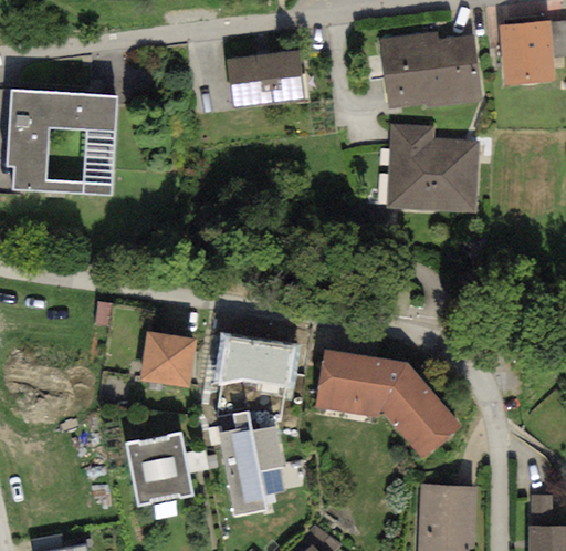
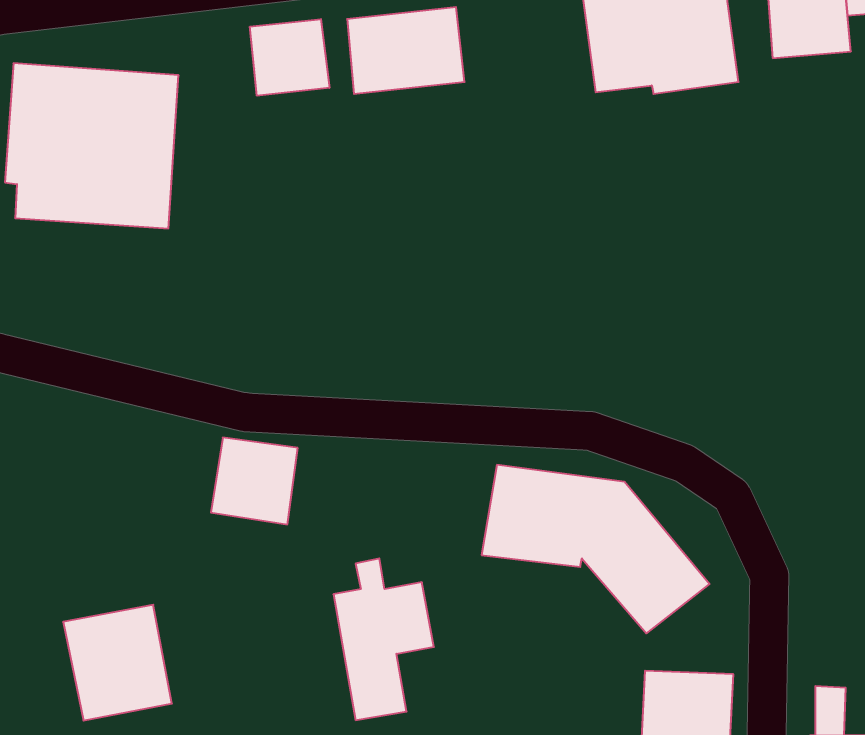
building: none -> [250,19,329,96]
building: [386,123,480,212] -> none
building: [213,331,301,388] -> none
building: [123,432,193,507] -> [63,605,172,721]

